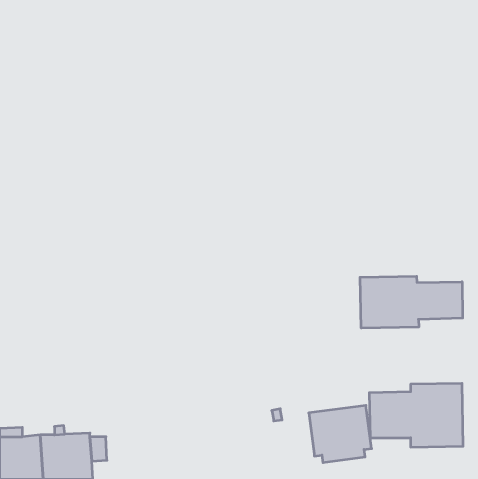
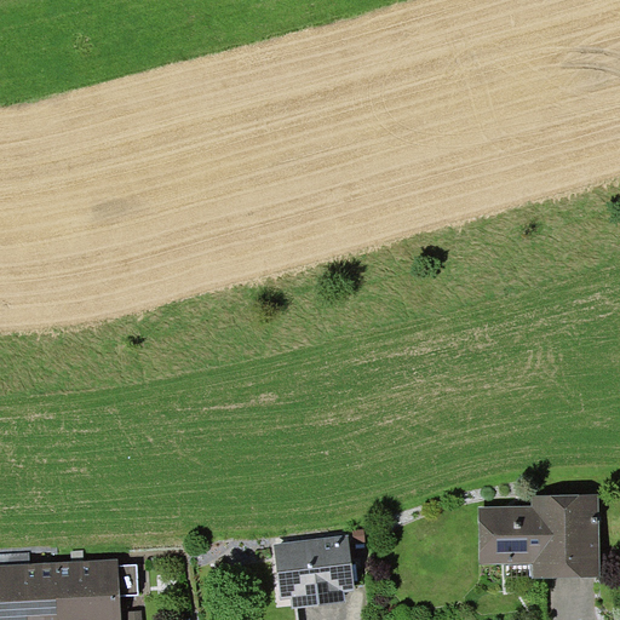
building: [360,276,463,328] -> none
building: [309,405,372,463] -> [272,534,354,608]

